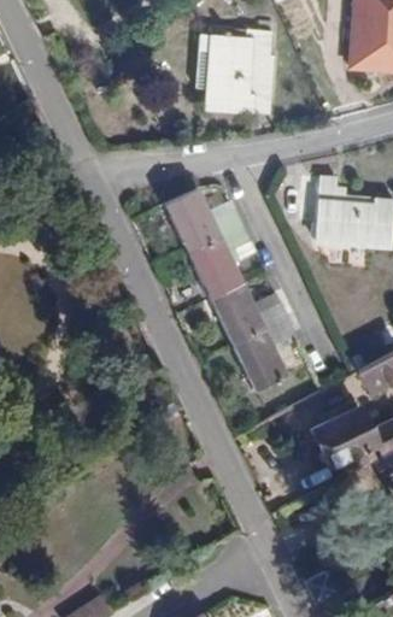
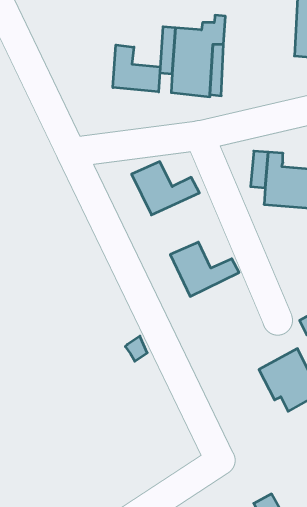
building: none -> [113,45,160,92]
building: [188,225,251,296] -> none
building: [233,317,298,393] -> none

